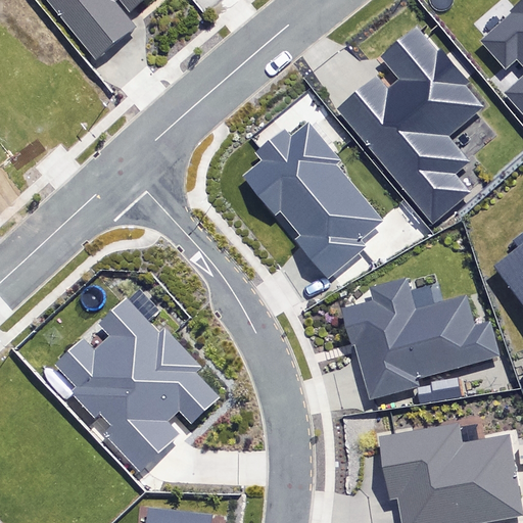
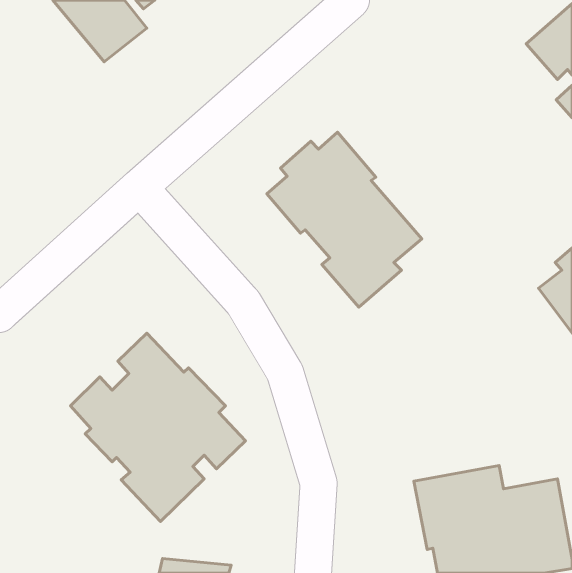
building: [342,33,485,228] -> none
building: [342,276,497,399] -> none

